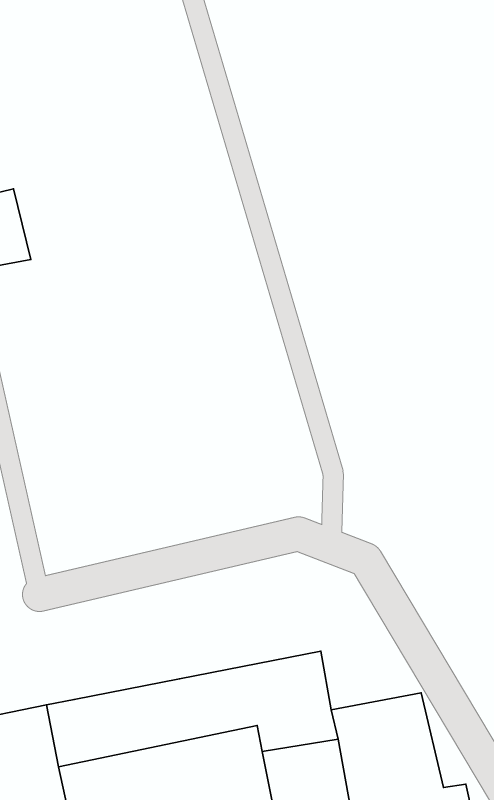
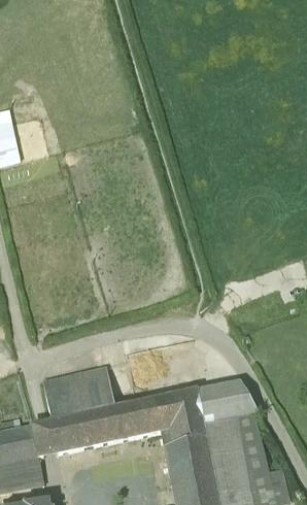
building: none -> [42,363,112,419]
building: none -> [197,381,257,426]

